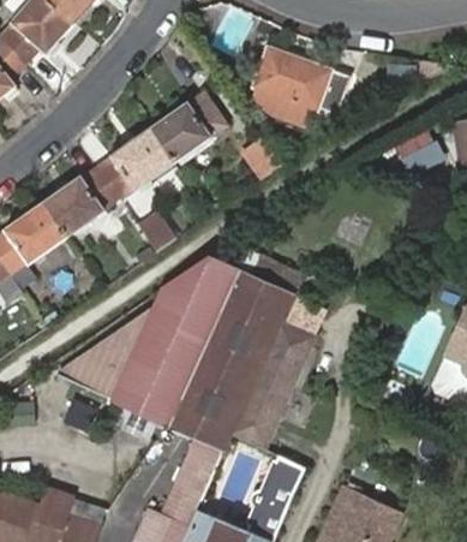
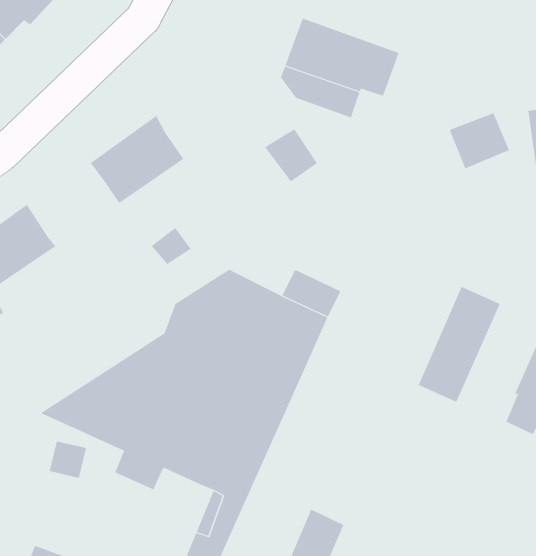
building: [149,91,227,163] -> none
building: [42,167,118,236] -> none
building: [239,329,307,425] -> [418,286,501,403]

